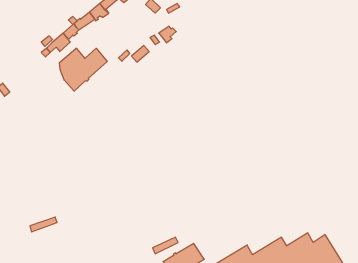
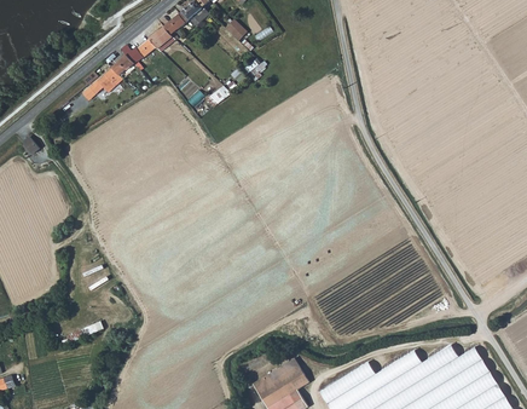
building: [60,48,107,91] -> none

